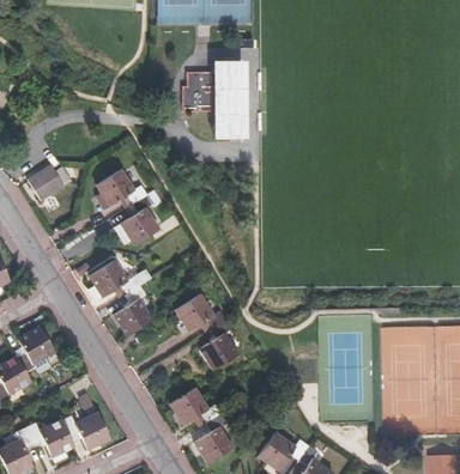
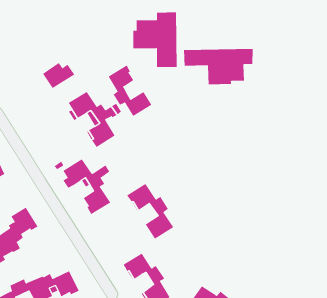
building: none -> [183,48,253,85]
building: none -> [108,64,152,117]
building: [28,164,72,200] -> [42,62,75,89]

